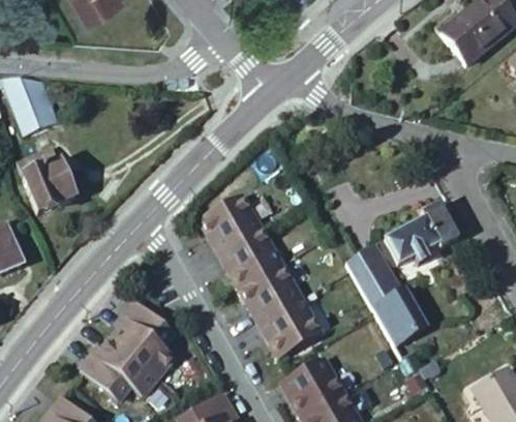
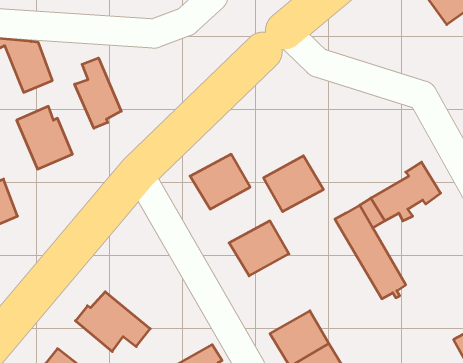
building: none -> [75,58,121,128]
building: [219,231,281,289] -> [264,156,323,212]
building: [260,300,321,358] -> none
building: [111,303,174,378] -> none

